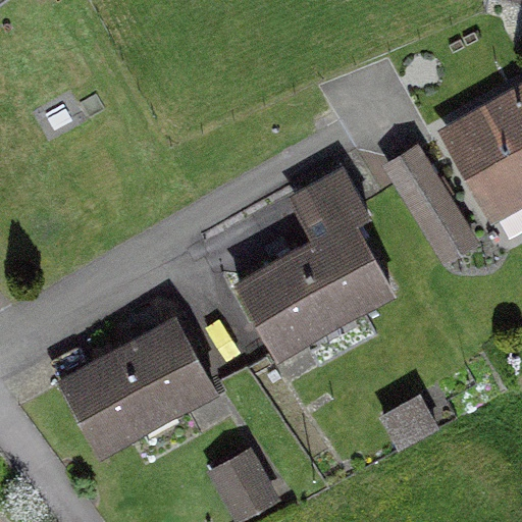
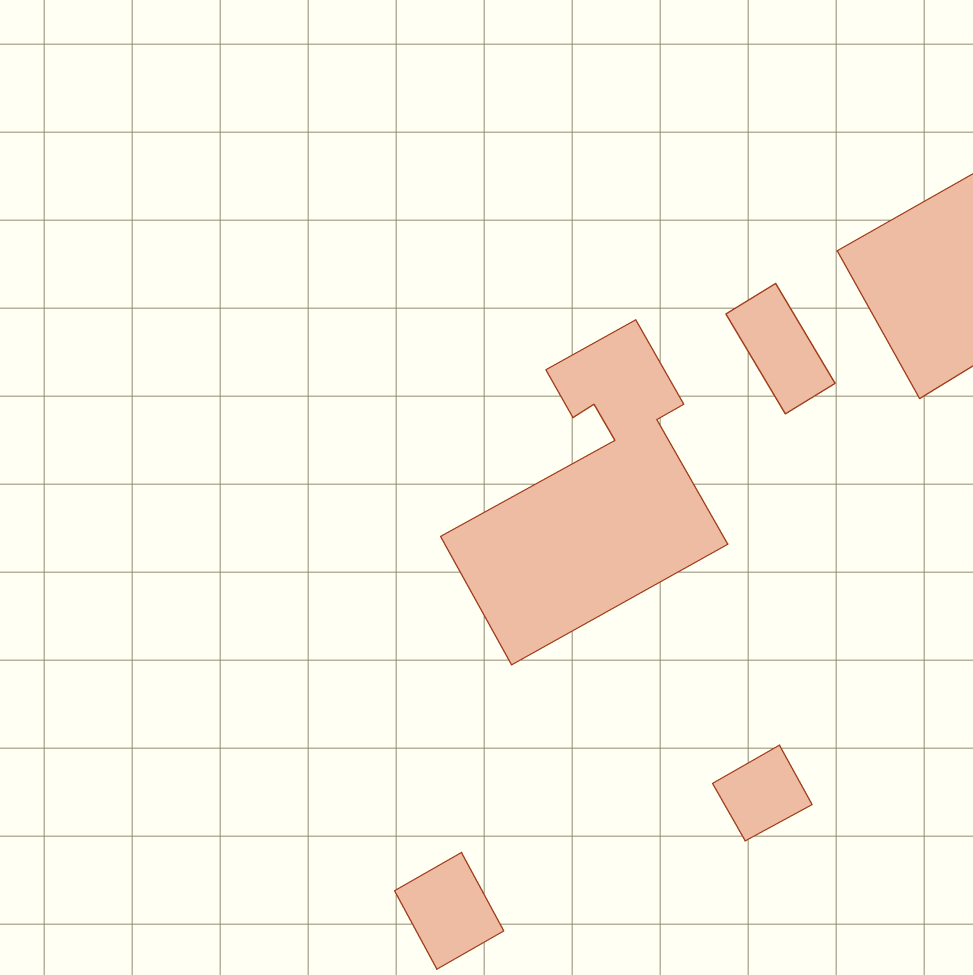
building: [59,321,213,455] -> none

